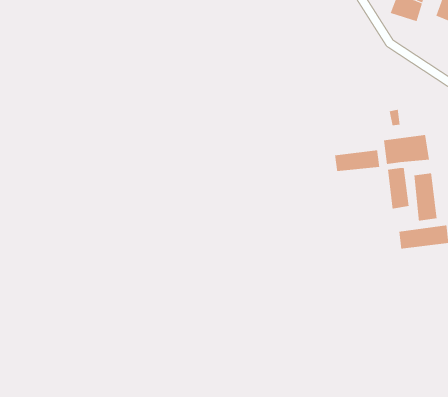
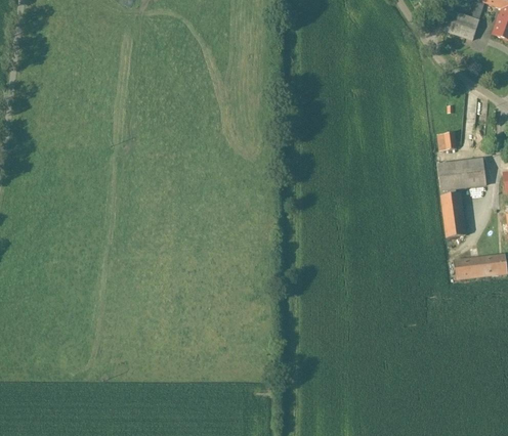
building: [335,150,380,172] -> none
building: [414,172,437,221] -> none

